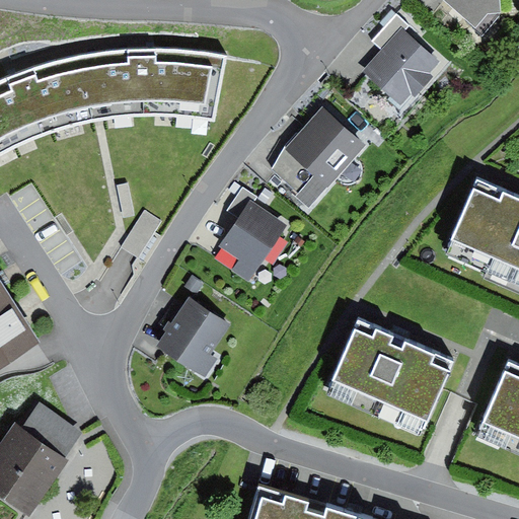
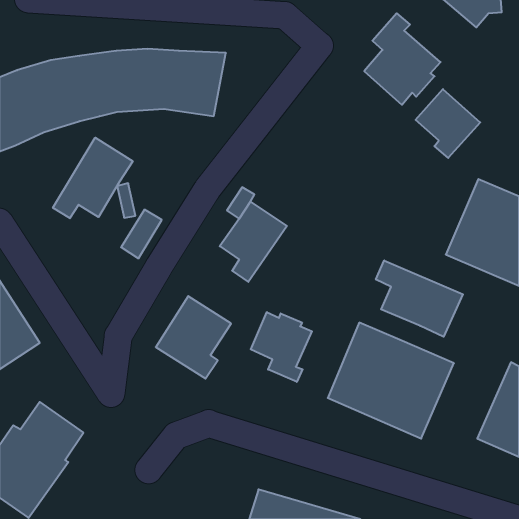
building: none -> [416,89,480,158]
building: [272,106,365,207] -> none
building: none -> [53,138,133,218]
building: none -> [376,260,463,337]
building: none -> [251,312,312,382]

